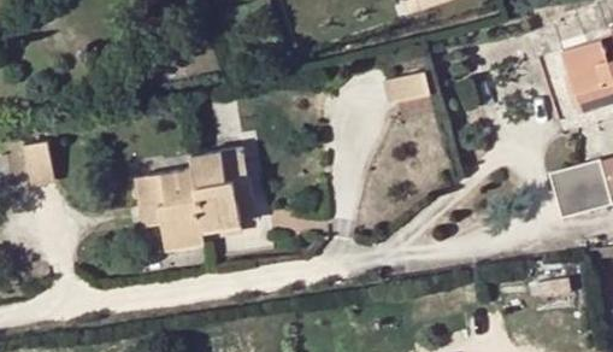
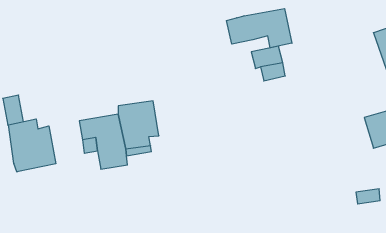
building: none -> [226,9,292,48]
building: none -> [9,119,56,172]

